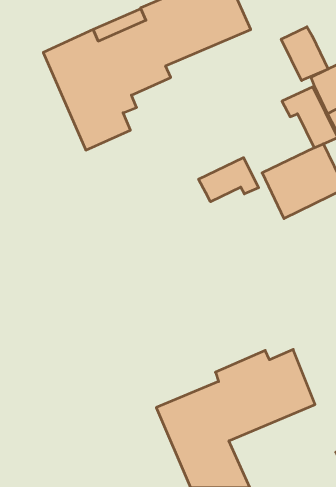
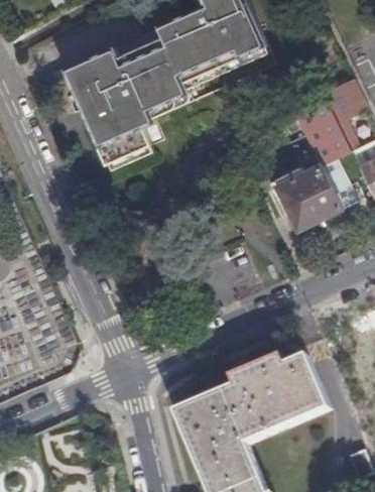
building: [281,27,328,81] -> none
building: [199,158,259,202] -> none

